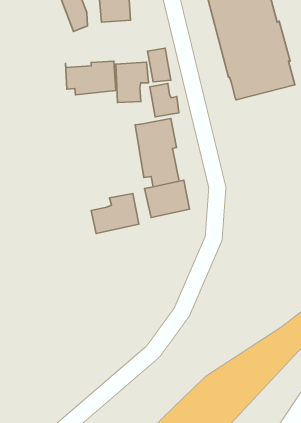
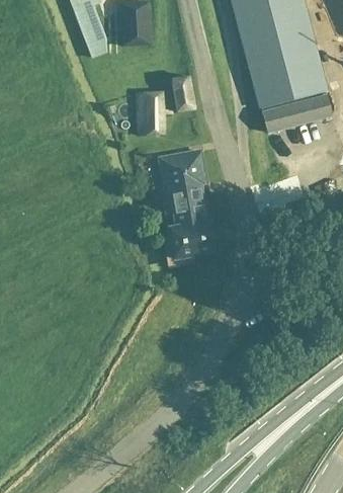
building: [66,61,116,95] -> none
building: [150,83,179,117] -> none
building: [91,194,139,234] -> none

